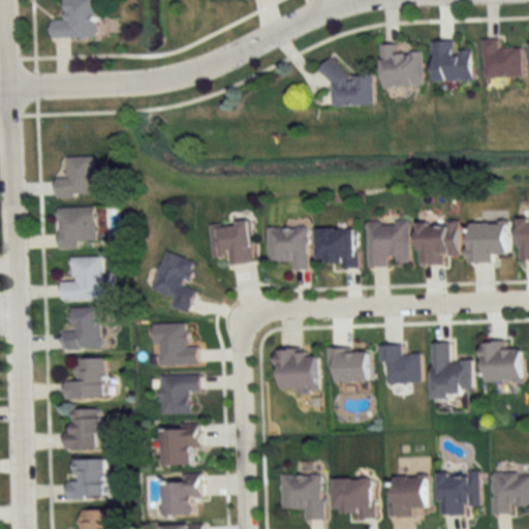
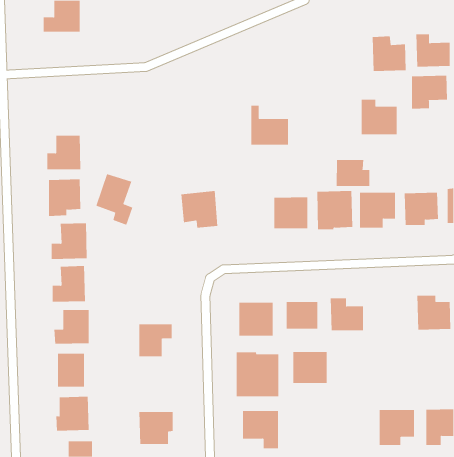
building: [379,45,422,87] -> [361,99,397,135]
building: [326,60,371,106] -> [250,105,289,145]
building: none -> [412,75,447,109]
building: none -> [336,159,370,187]
building: [267,227,307,269] -> none
building: [152,252,195,312] -> [96,174,133,225]
building: [154,323,198,365] -> none
building: [431,342,472,394] -> none
building: none -> [236,351,279,397]
building: [160,427,200,464] -> none
building: [390,476,426,516] -> none
building: [333,477,373,515] -> [293,351,327,384]

